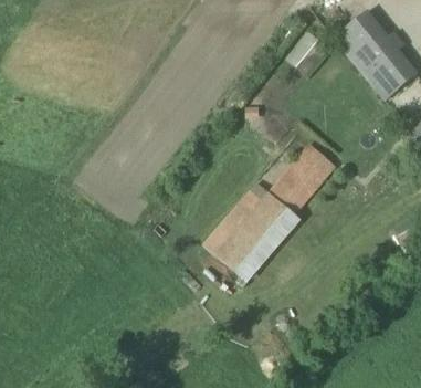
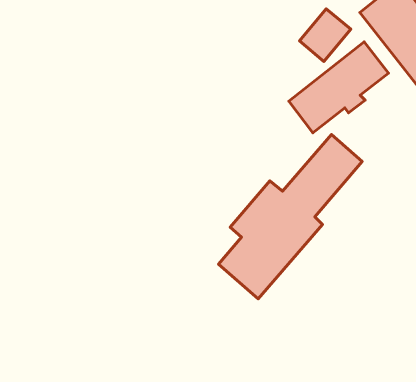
building: none -> [289,42,388,133]

